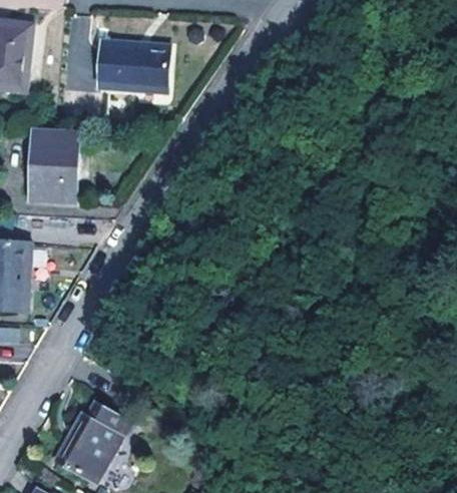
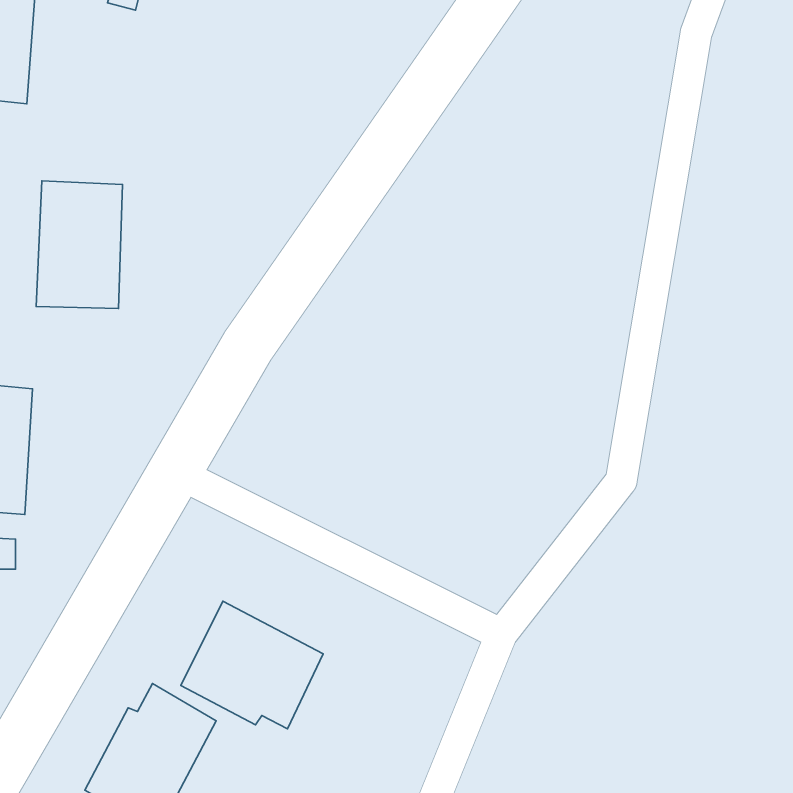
building: [99,44,167,91] -> none
building: none -> [181,601,323,729]

